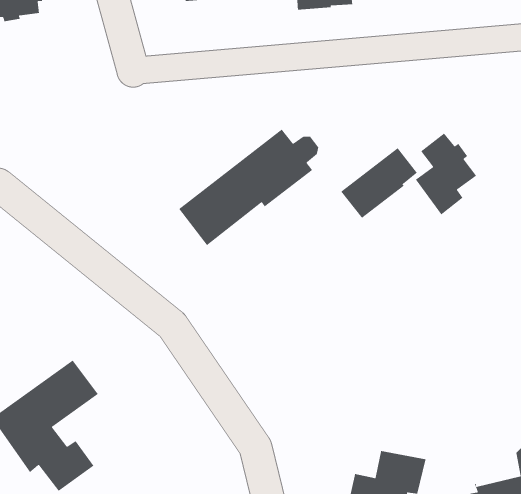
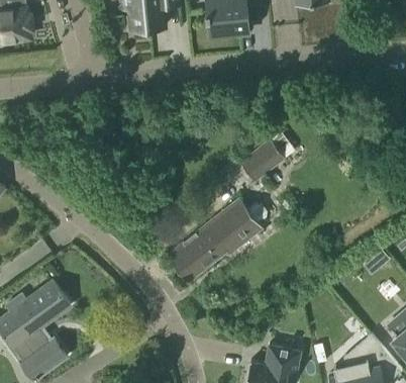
building: [178,129,319,246] -> [168,198,267,281]
building: [415,132,477,216] -> none

